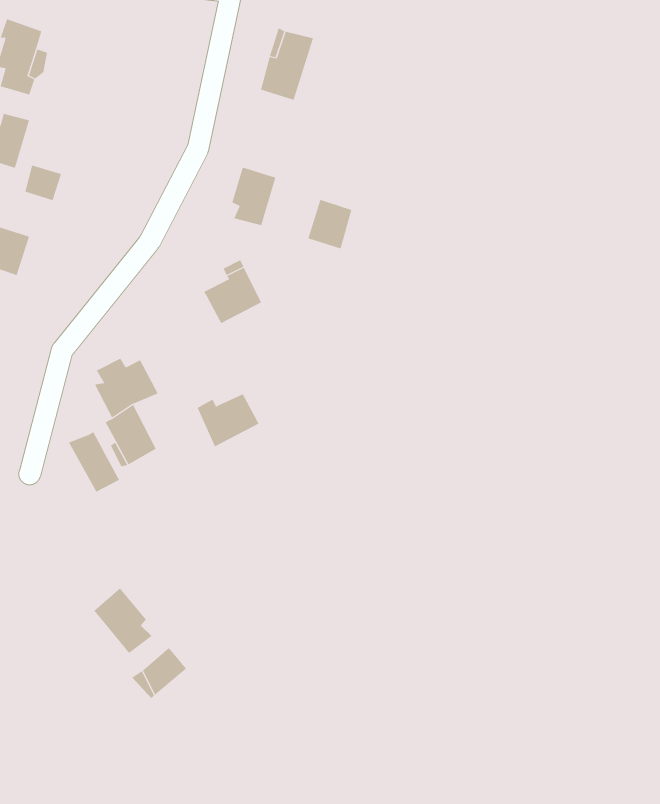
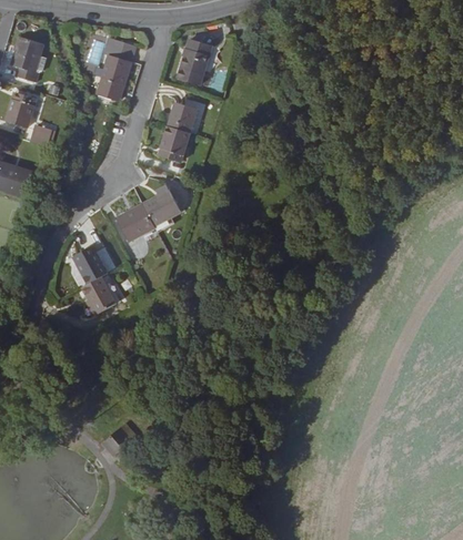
building: none -> [98,40,134,100]
building: [307,199,352,249] -> [168,102,195,133]
building: [197,393,259,447] -> [117,207,155,241]
building: [68,431,120,492] -> none
building: [93,588,153,654] -> none

